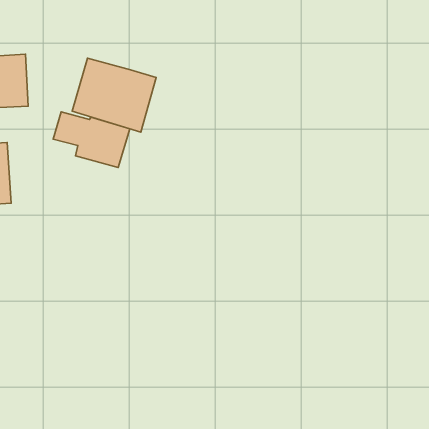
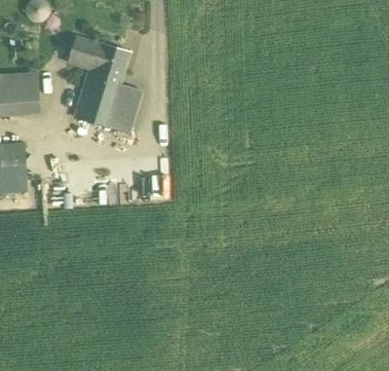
building: [53,112,130,168] -> [70,40,130,84]

